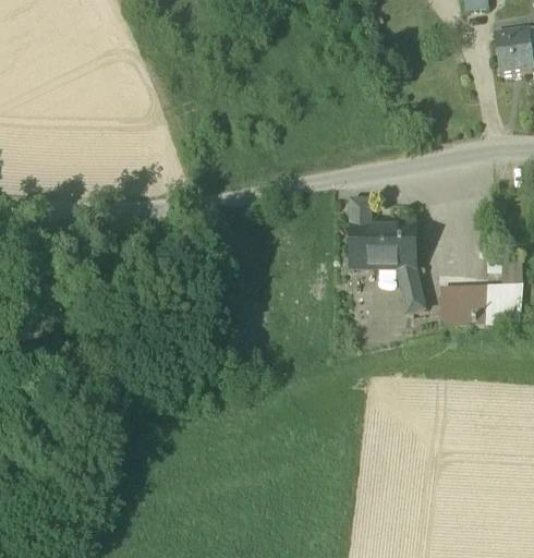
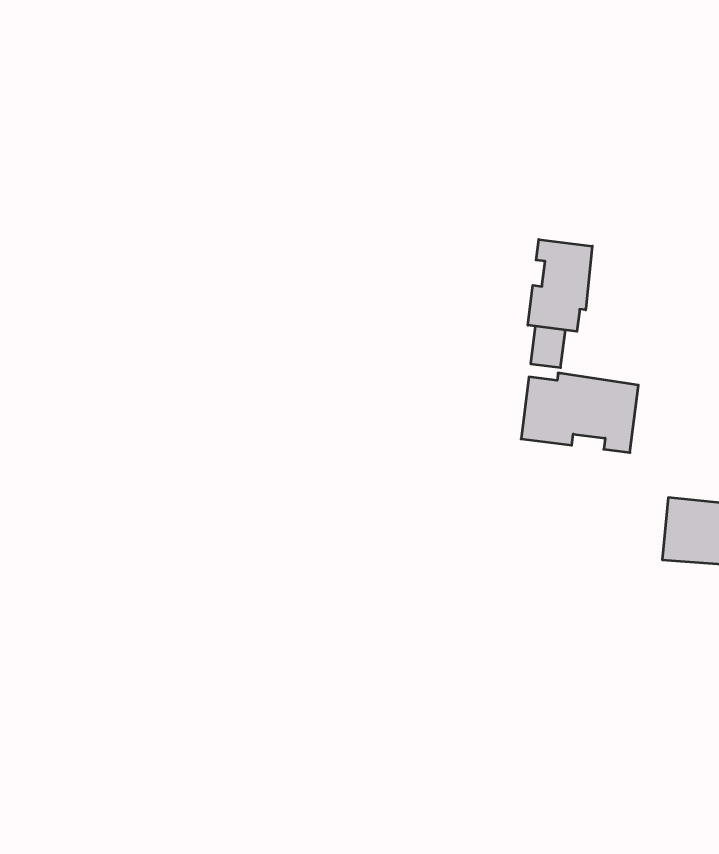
building: none -> [528,239,592,331]
building: [398,267,424,312] -> none

